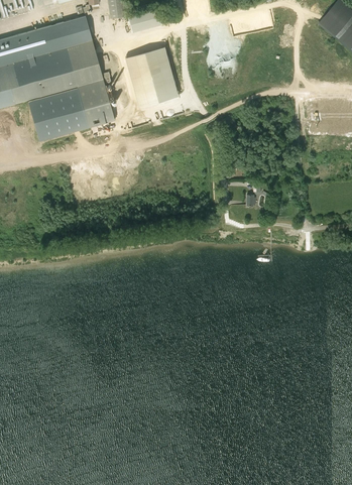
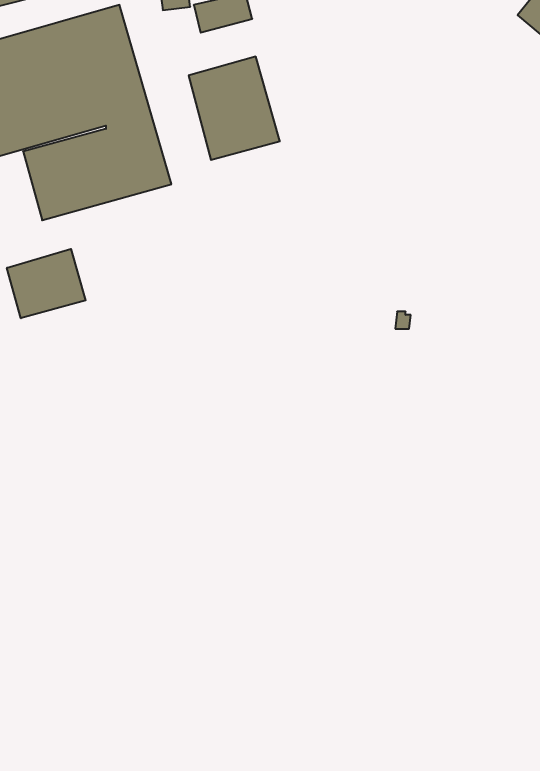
building: none -> [7,249,86,318]

